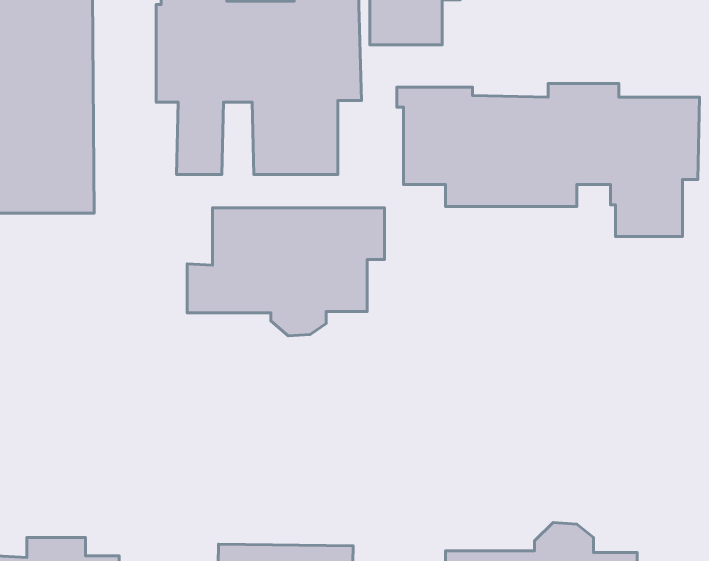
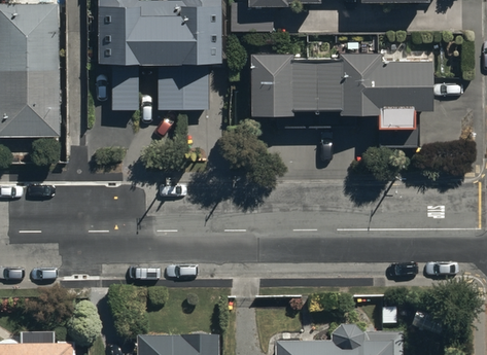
building: [187,208,384,336] -> none

